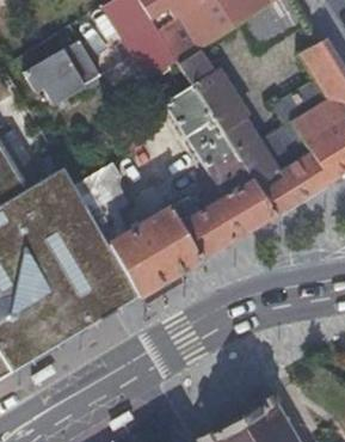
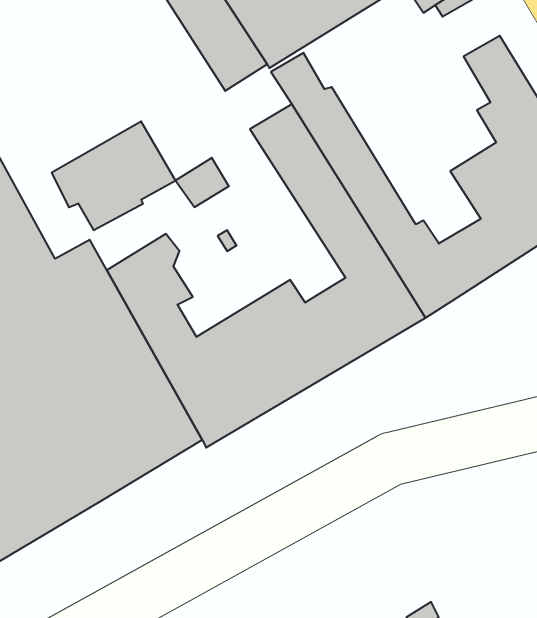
building: [25,38,103,106] -> [52,121,176,230]

